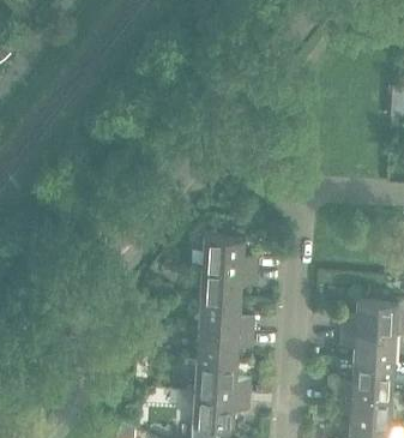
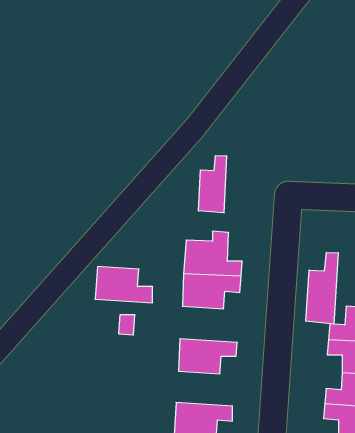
building: none -> [198,156,226,213]
building: none -> [306,252,338,324]
building: [198,299,253,334] -> [95,267,153,303]
building: [194,361,249,395] -> none

